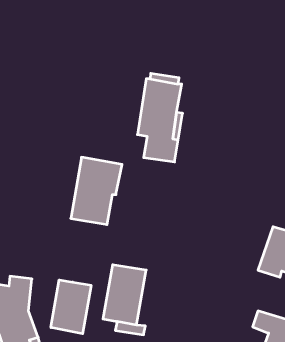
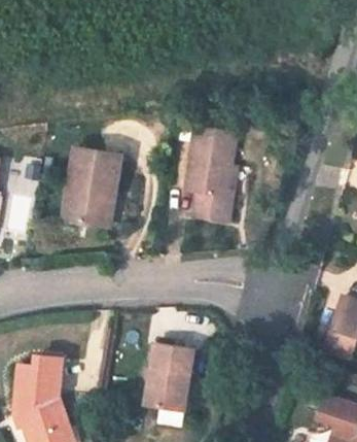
building: [71,157,122,225] -> [62,147,121,226]
building: [51,280,91,334] -> none

